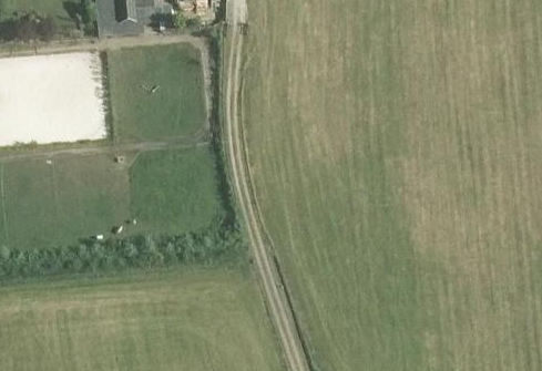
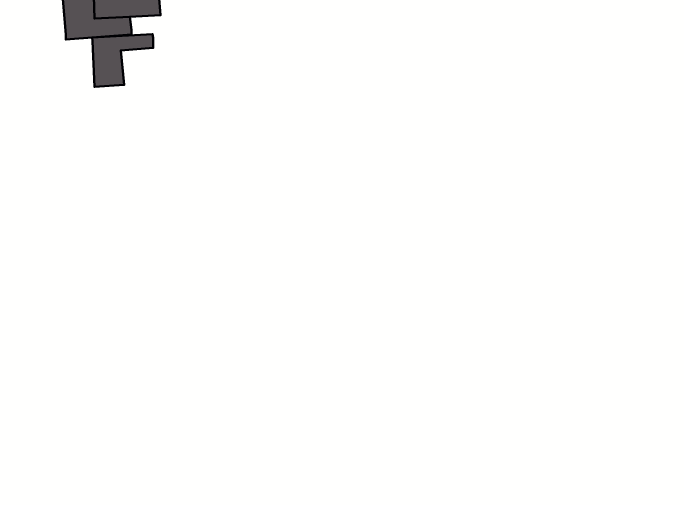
building: none -> [92,34,153,87]

